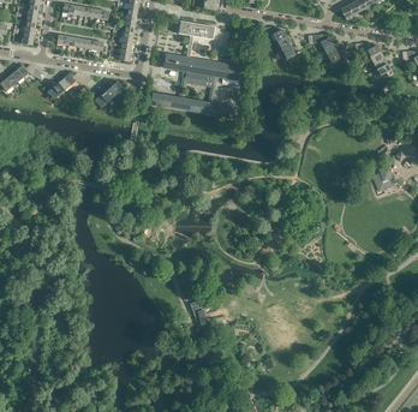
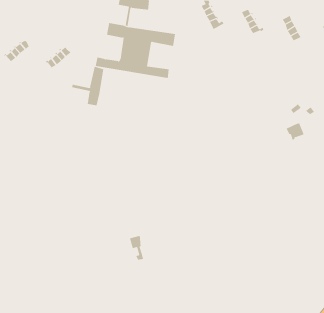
building: none -> [72,66,104,106]

